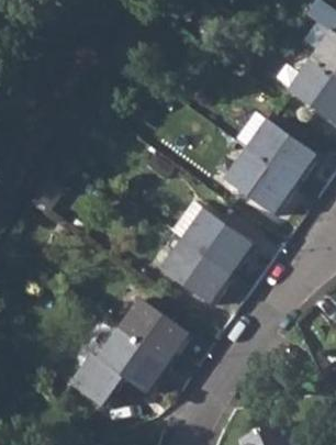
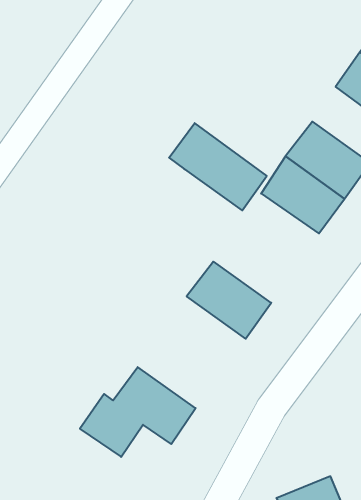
building: [170,199,254,274] -> [169,123,267,210]
building: [119,298,190,364] -> none

